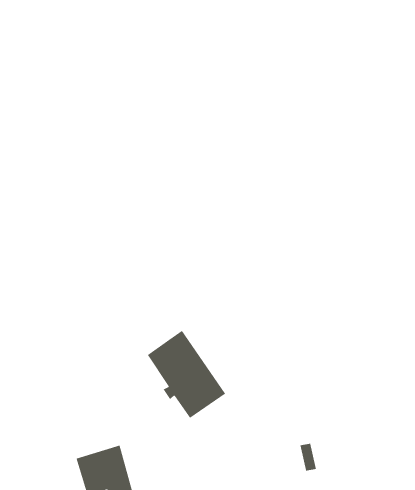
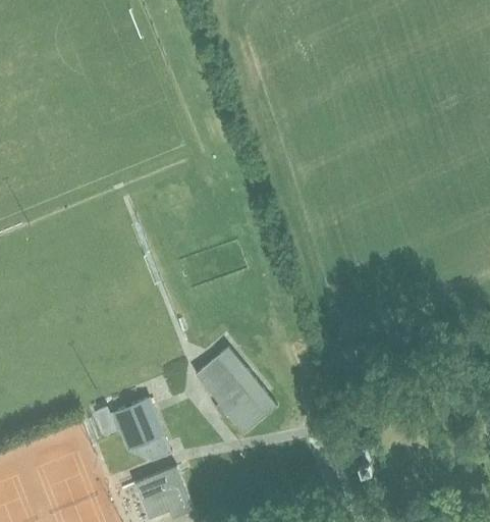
building: none -> [95,398,171,461]

